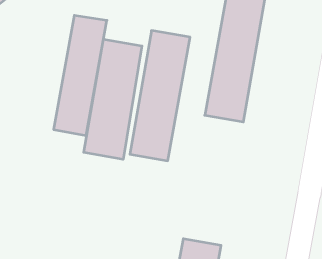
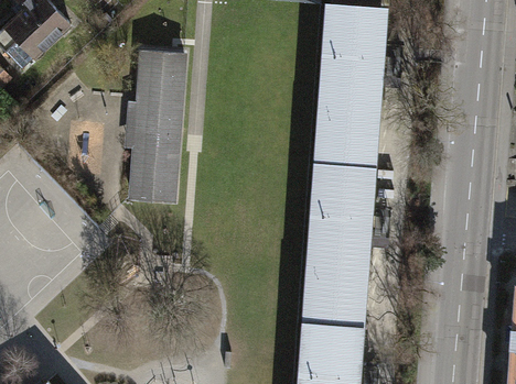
building: [130,31,190,161] -> [310,163,370,325]
building: [84,39,142,159] -> none

